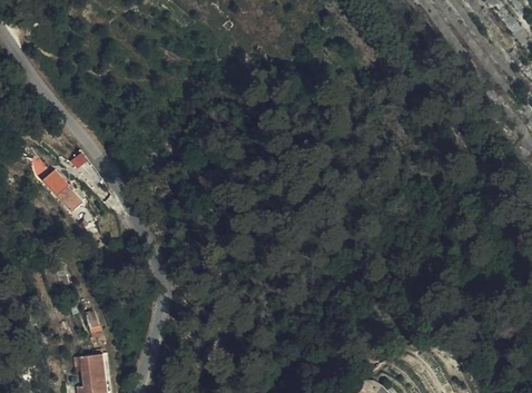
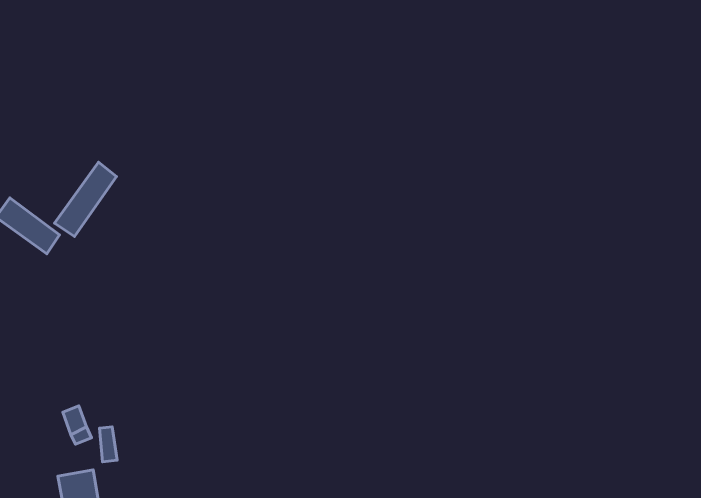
building: none -> [55,162,116,237]

